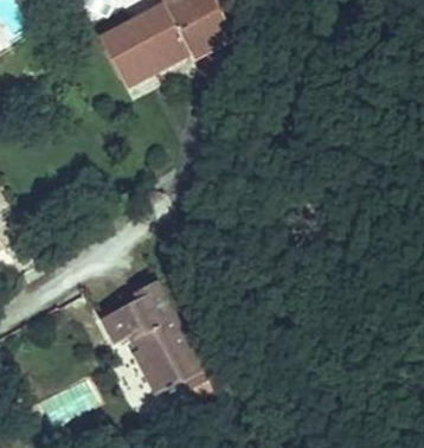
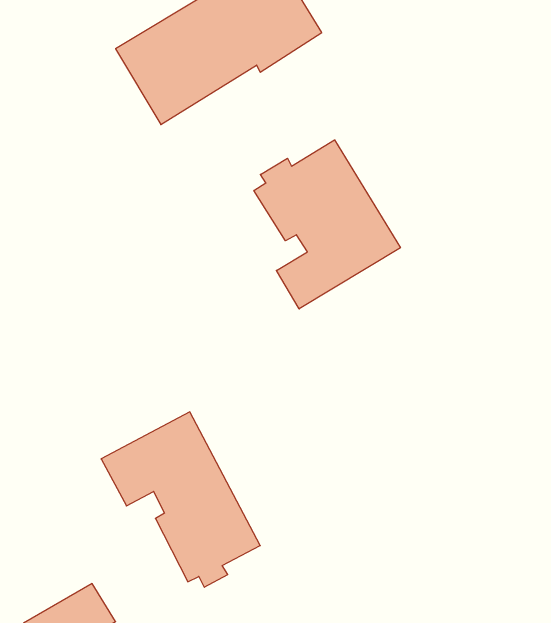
building: none -> [254,140,400,309]

